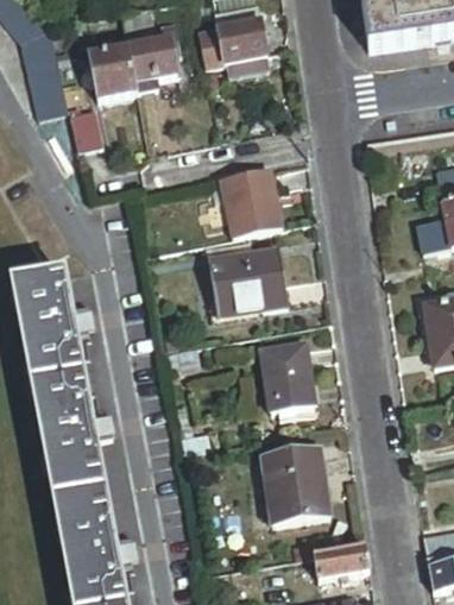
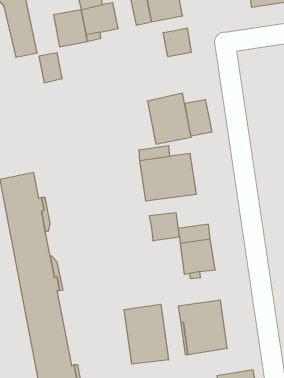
building: none -> [163,28,191,57]
building: none -> [185,99,212,136]
building: none -> [150,213,179,241]
building: none -> [124,304,169,364]

